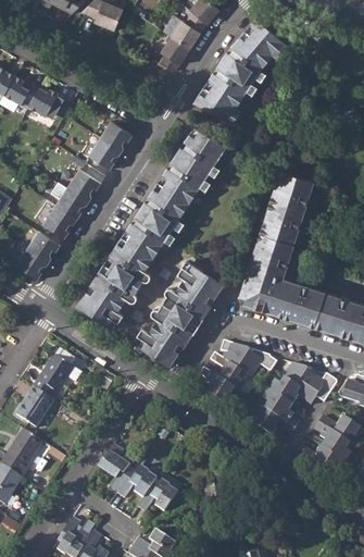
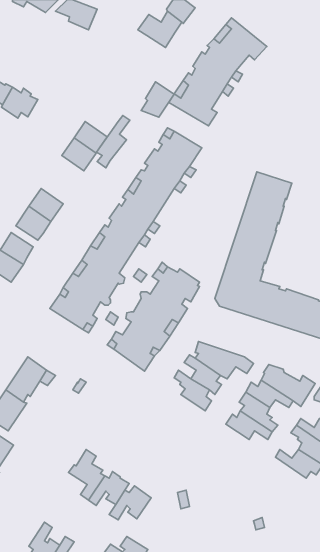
building: [158,36,190,71] -> [141,82,174,117]
building: none -> [97,115,130,168]
building: [67,169,101,202] -> none

